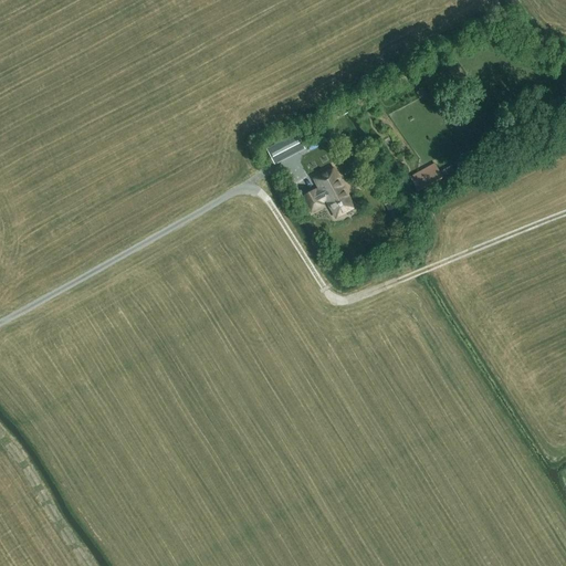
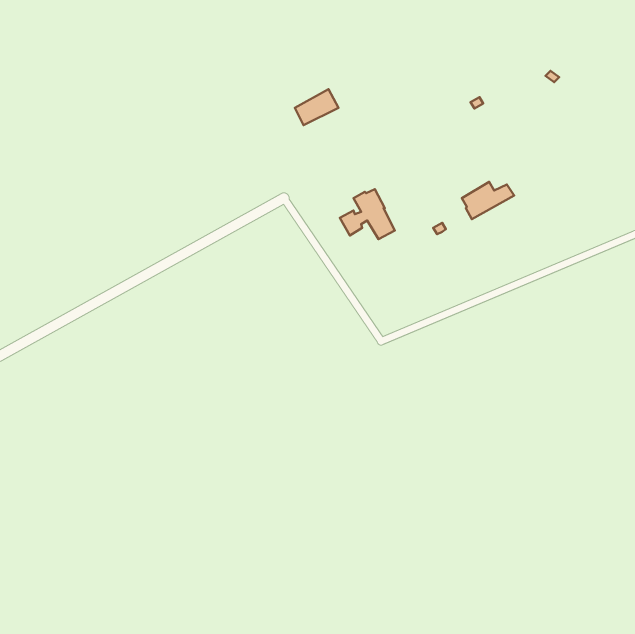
building: [269,132,307,164] -> [295,89,338,125]

